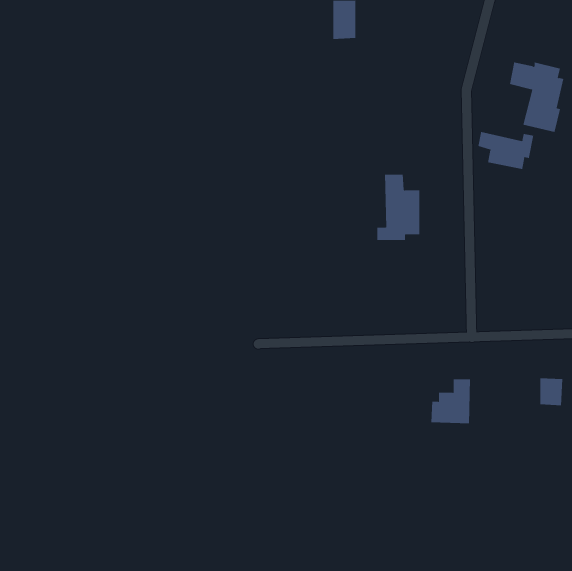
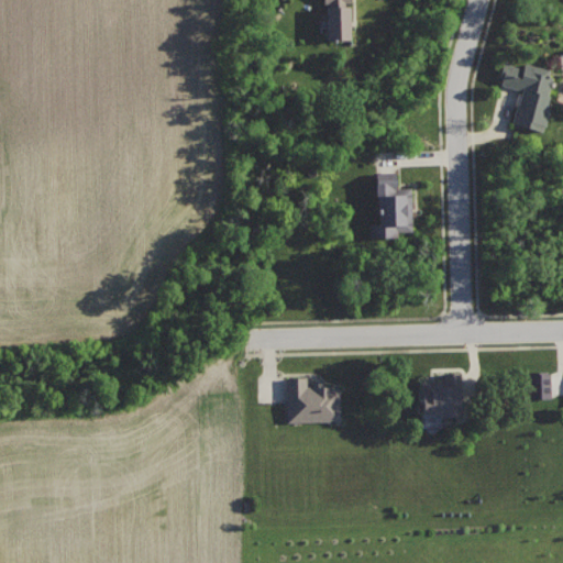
building: [478,131,534,170] -> none
building: none -> [288,378,341,423]

